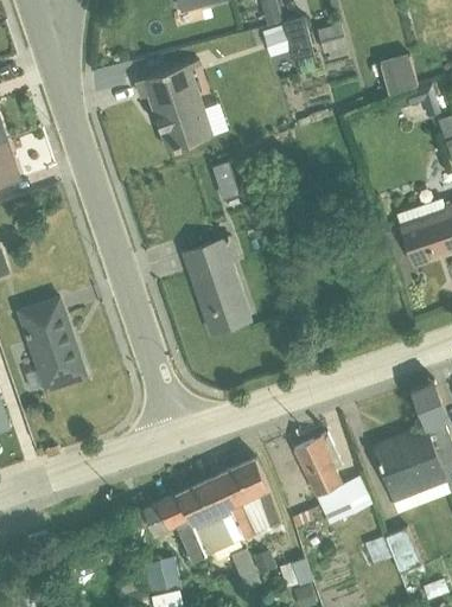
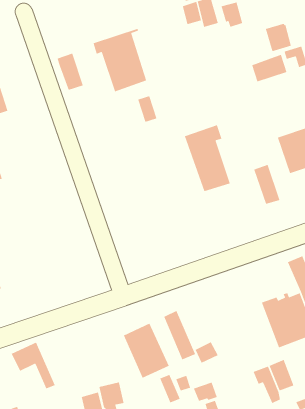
building: none -> [56,53,84,91]
building: none -> [251,54,288,82]
building: [184,237,250,333] -> [184,124,231,192]
building: none -> [253,164,280,205]
building: [17,298,87,391] -> none
building: [294,433,373,524] -> none
building: [217,467,262,537] -> none
building: [142,493,206,561] -> [11,342,56,390]

